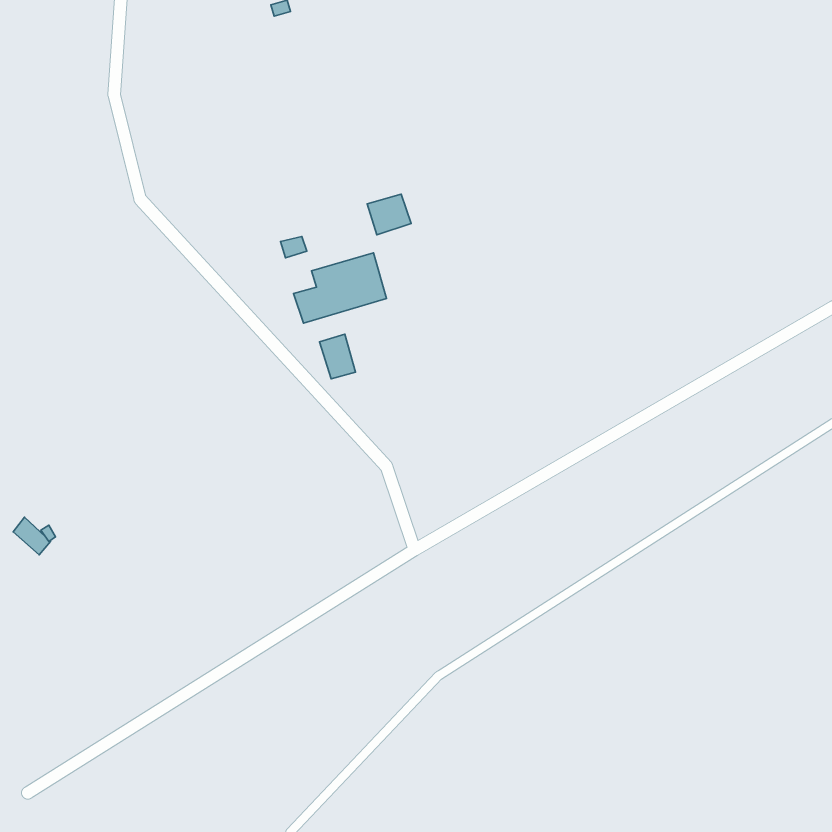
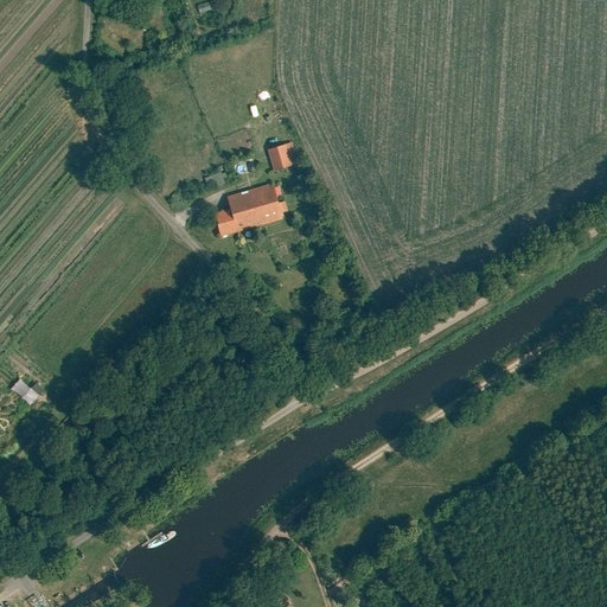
building: [319,334,356,379] -> none

